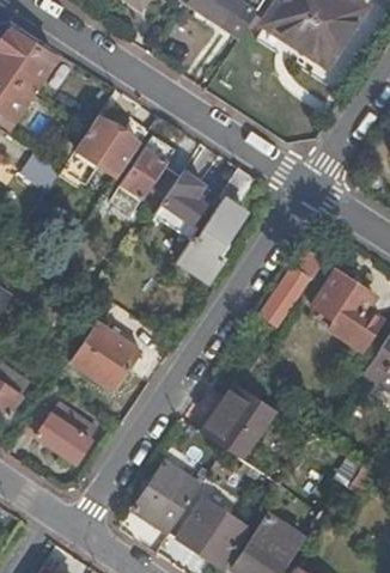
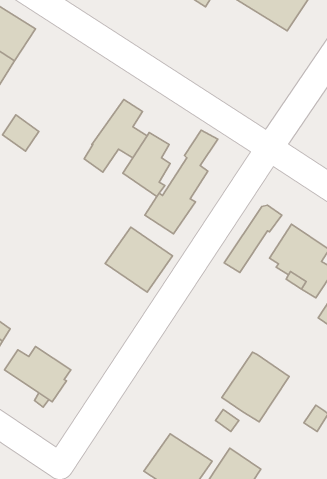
building: [75,116,147,177] -> none
building: [68,321,141,391] -> [105,227,173,292]
building: [201,384,274,459] -> [222,352,289,422]
building: [133,462,199,534] -> none

